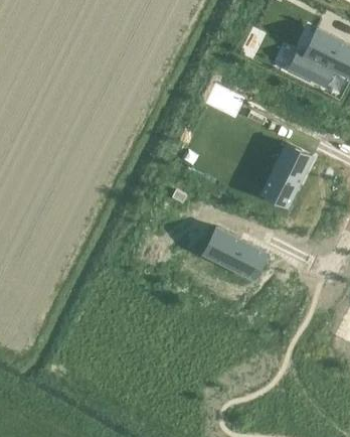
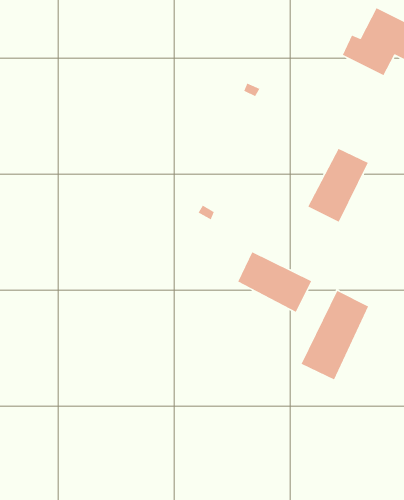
building: none -> [301,290,369,380]

